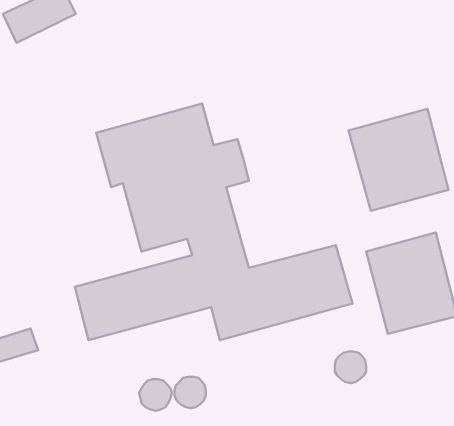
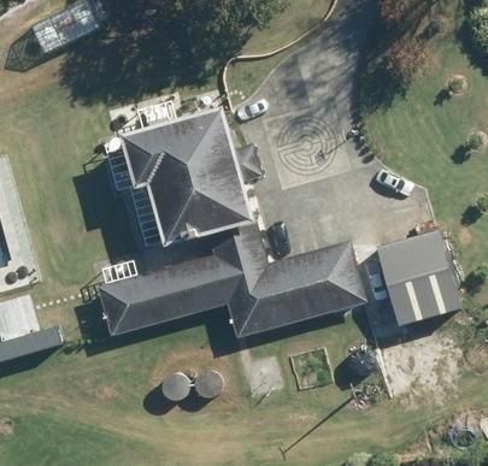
building: [349,109,449,211] -> none

